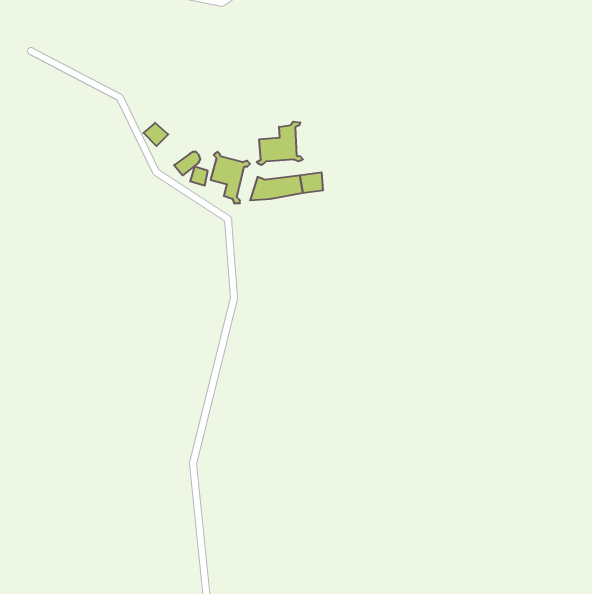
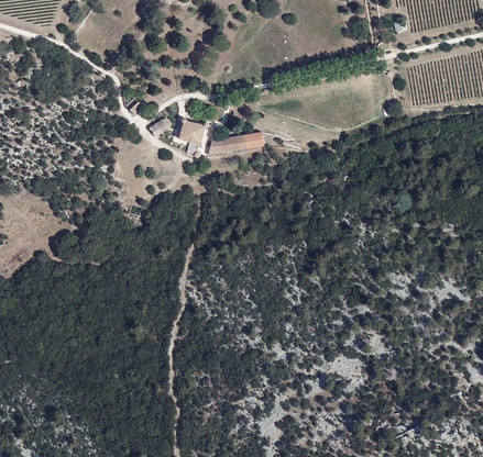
building: [257,122,303,165] -> none

